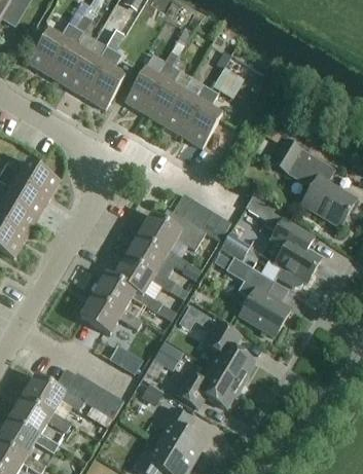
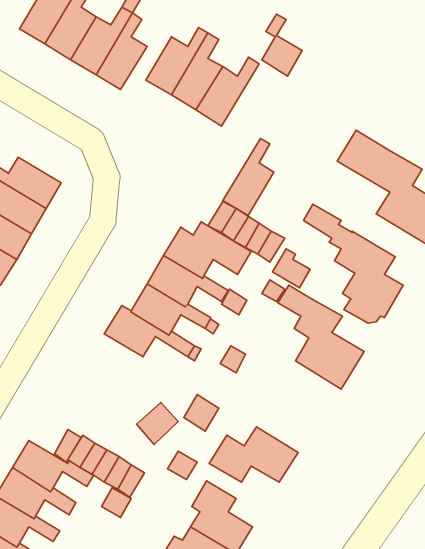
building: [182,88,221,147] -> [223,138,274,215]
building: [80,294,142,333] -> none
building: [203,321,254,385] -> none

